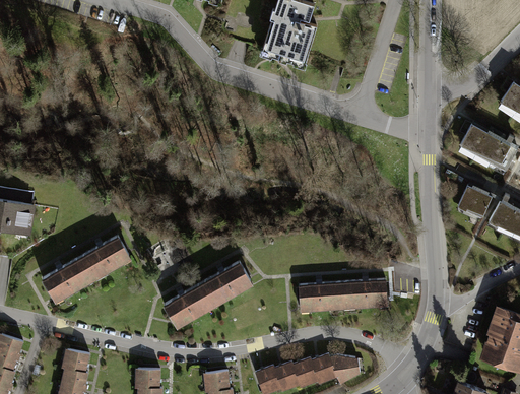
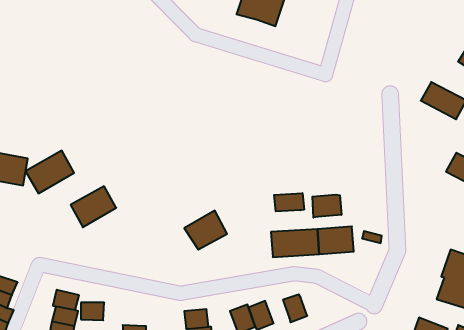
building: [459,183,494,215] -> none
building: none -> [274,193,304,211]
building: none -> [312,195,341,218]
building: [41,256,93,303] -> [26,151,74,193]
building: [165,281,219,328] -> none
building: [331,352,363,383] -> none
building: [294,357,319,387] -> none
building: [136,369,161,388] -> [81,303,104,320]

